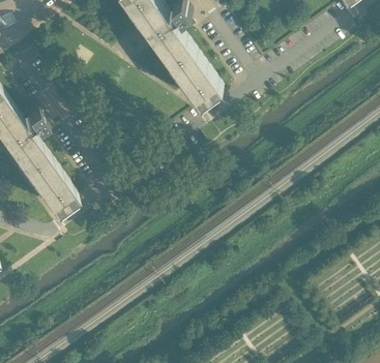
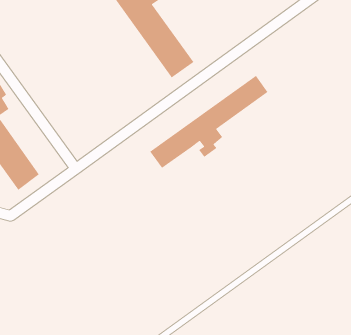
building: none -> [149,75,269,169]

